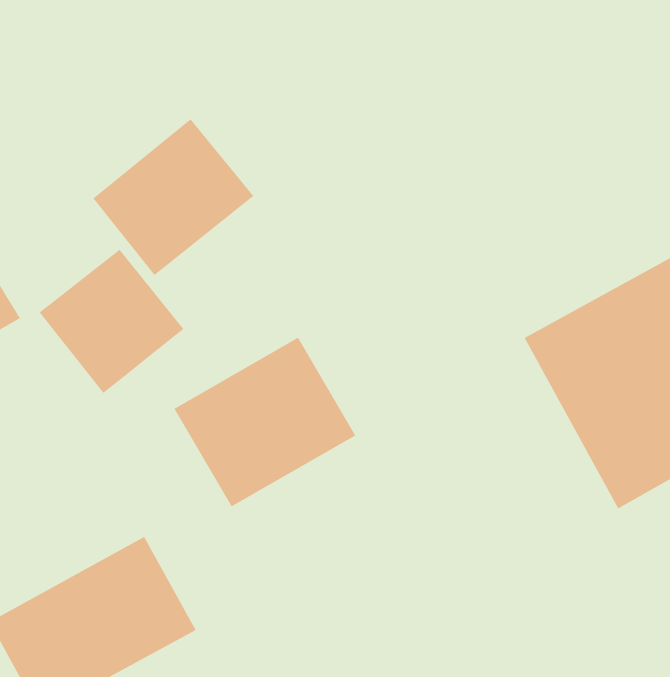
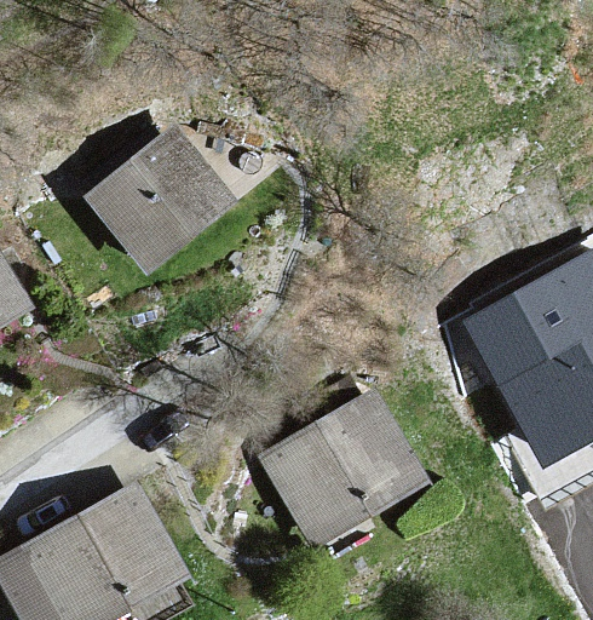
building: [39,249,184,394] -> none
building: [174,337,356,507] -> [264,392,421,539]

